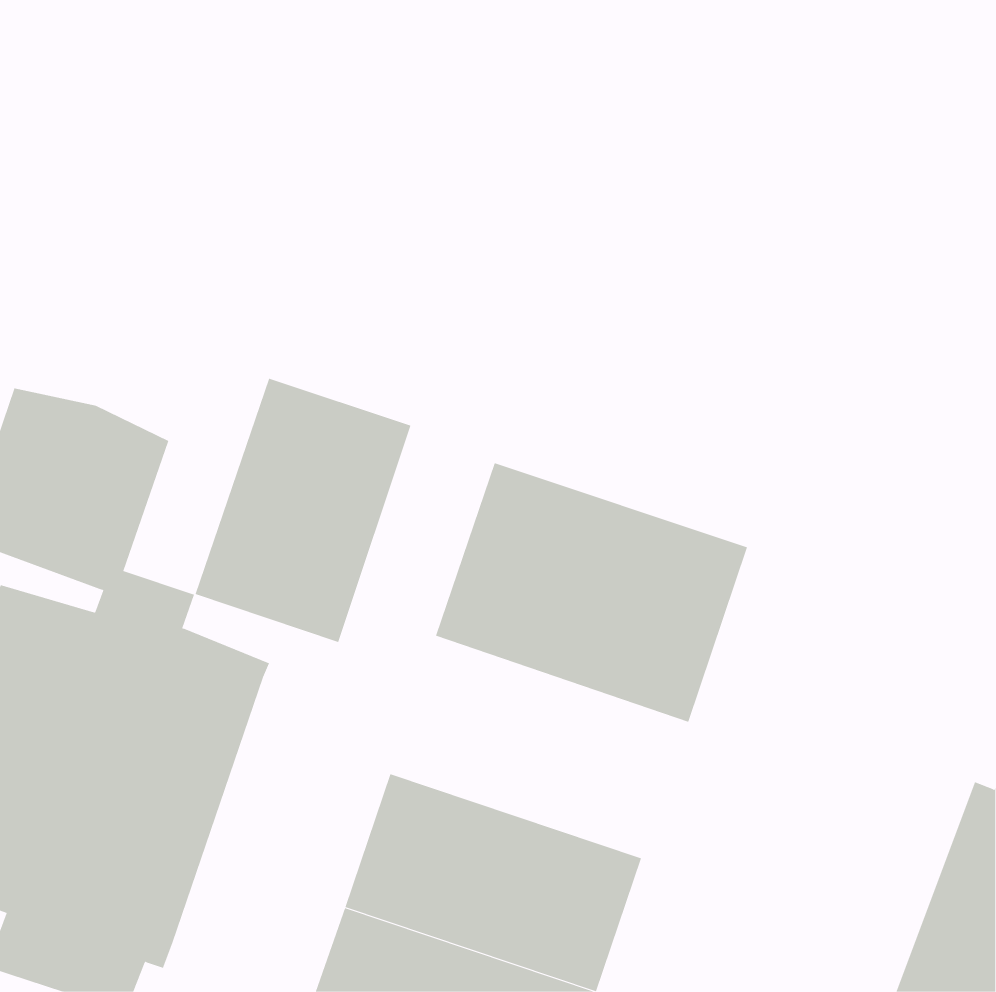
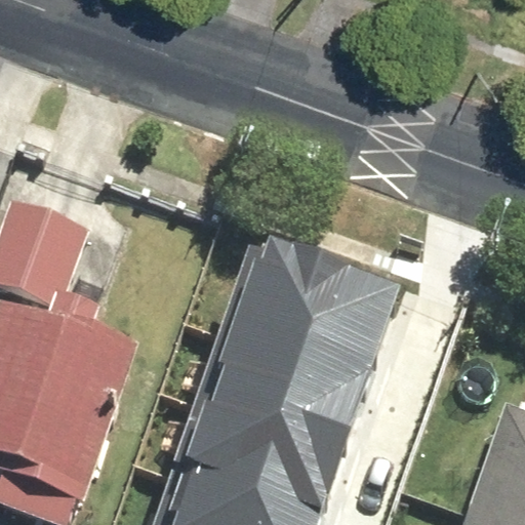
building: [195,378,411,643] -> none
building: none -> [203,331,359,447]

